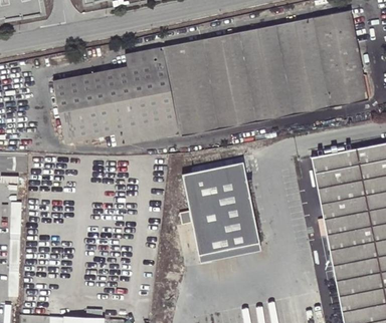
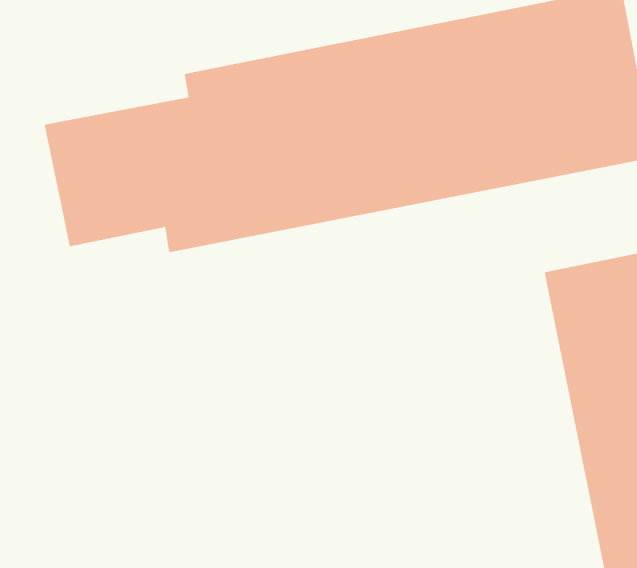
building: [179,162,259,256] -> none

